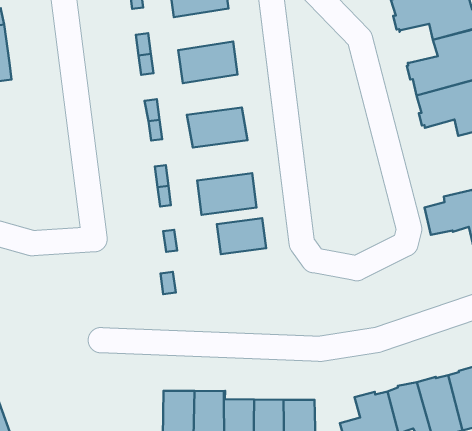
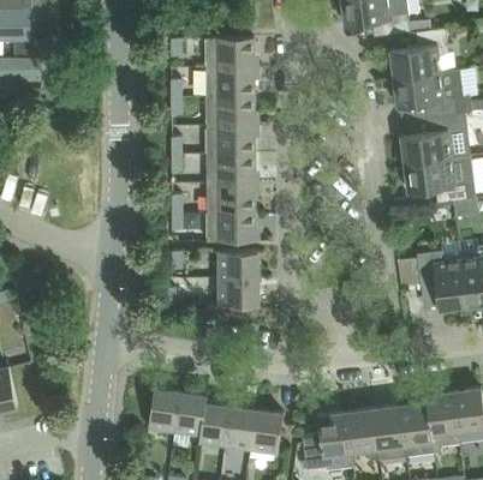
building: none -> [205,68,254,98]
building: none -> [205,126,254,155]
building: none -> [207,184,255,212]
building: none -> [219,278,258,306]

